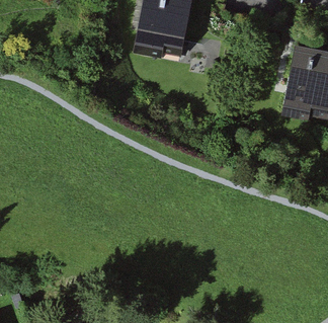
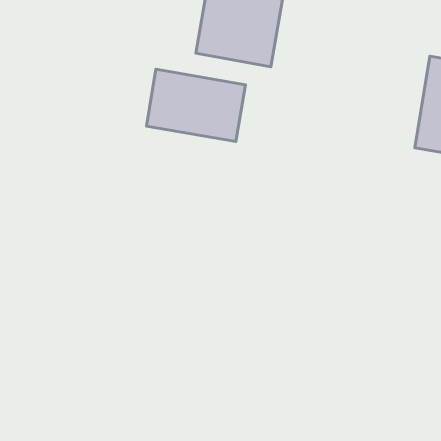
building: none -> [146,69,245,142]

